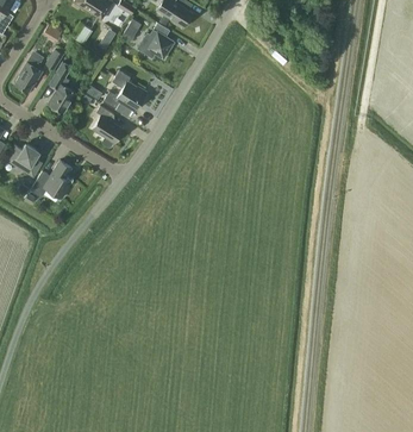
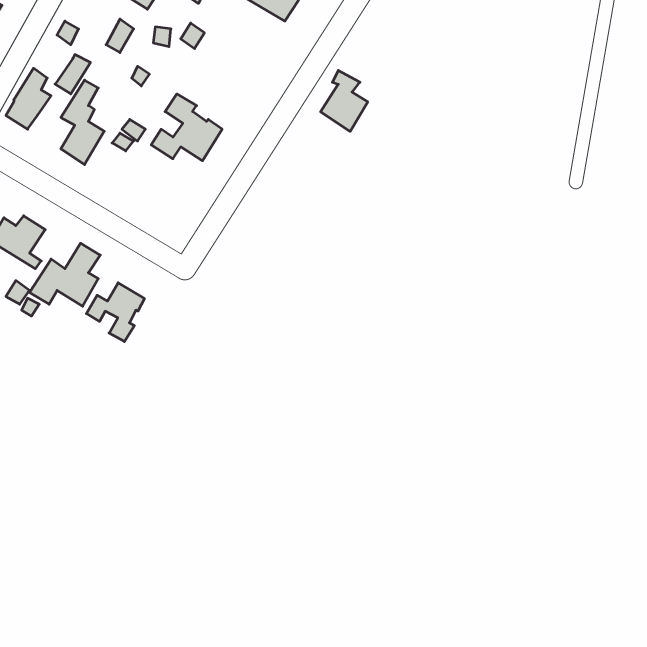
building: [146,21,175,58] -> [321,70,368,131]
building: [92,105,123,146] -> none
building: none -> [86,283,144,342]

